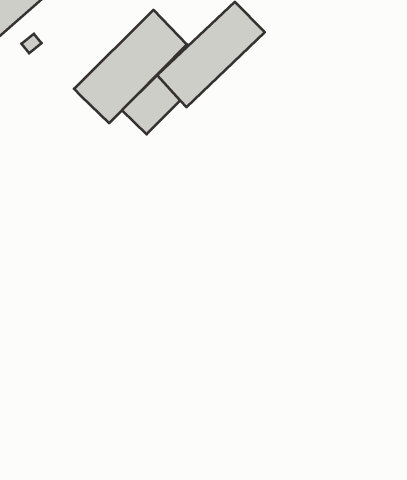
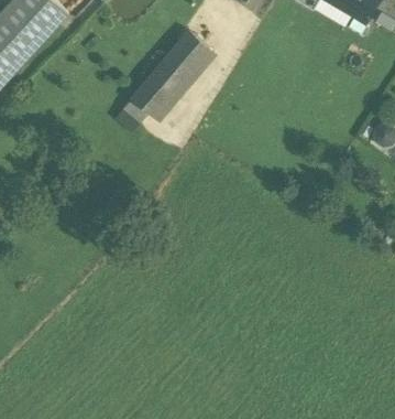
building: [74,10,187,123] -> none

